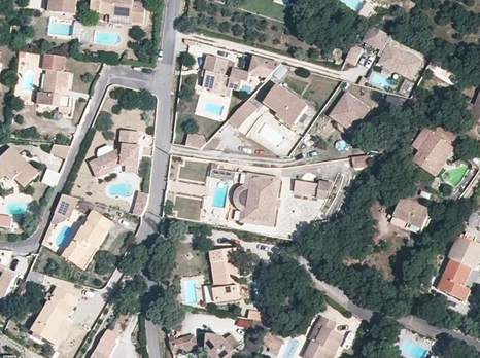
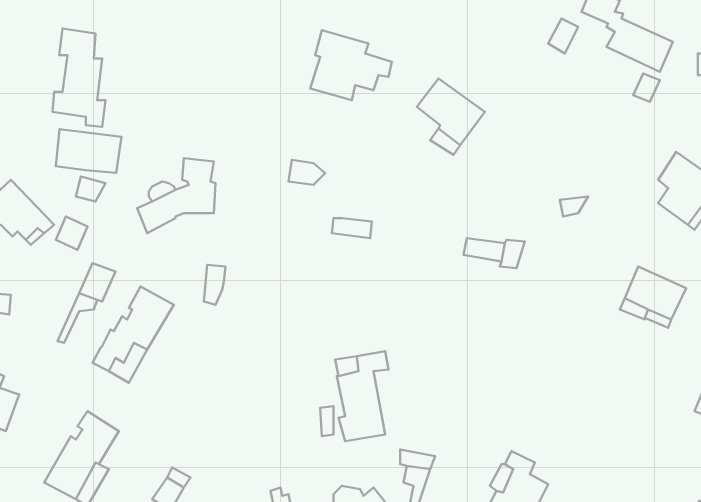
building: [247,53,280,80] -> none
building: [329,90,369,130] -> none
building: [226,99,254,128] -> none
building: none -> [56,129,122,173]
building: [233,173,279,226] -> none

